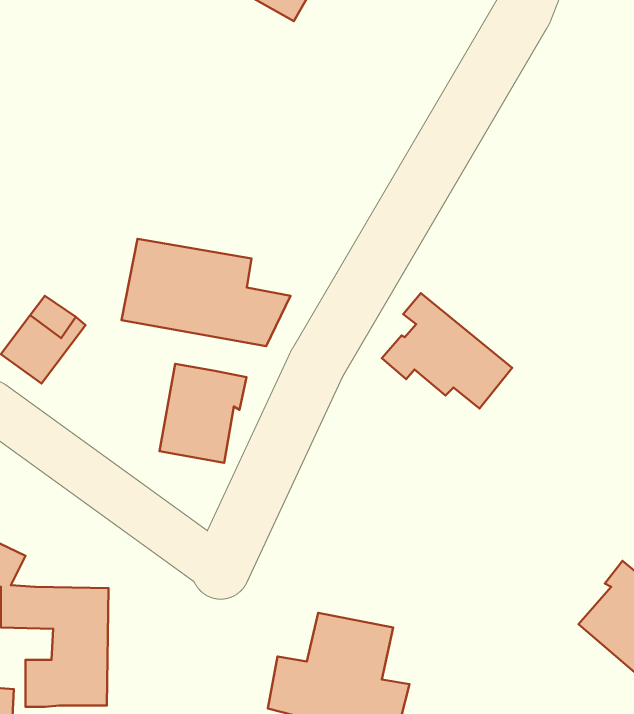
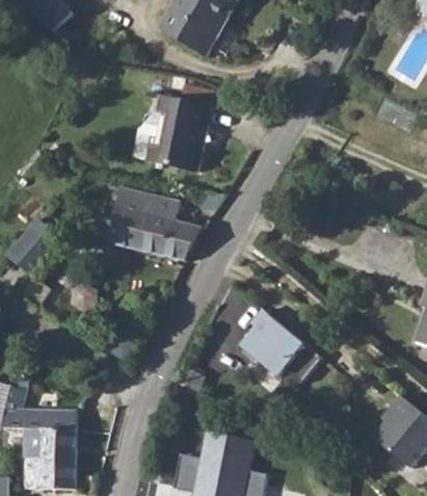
building: none -> [145,99,198,167]
building: [382,293,512,409] -> [238,307,321,381]
building: [160,364,246,463] -> none

